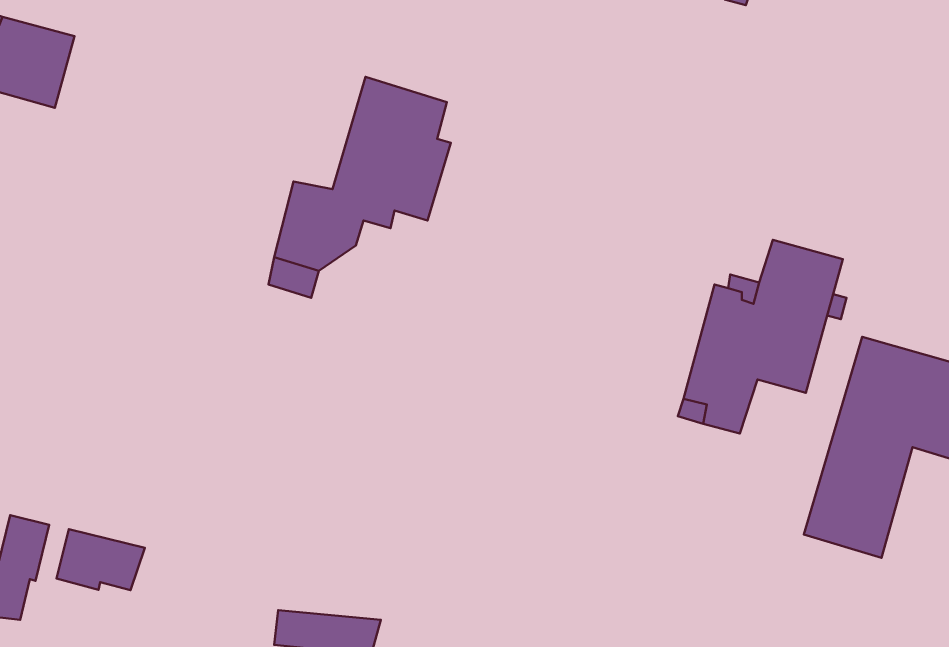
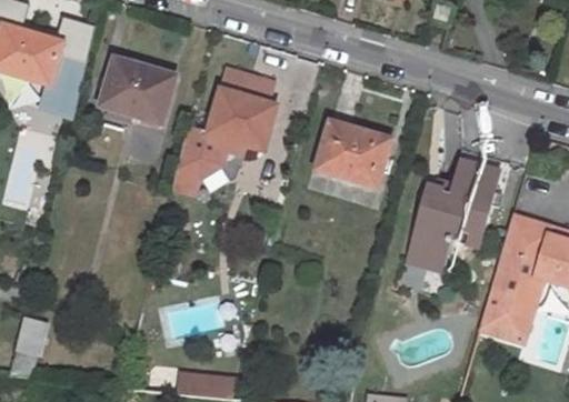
building: none -> [101,60,176,122]
building: none -> [319,122,392,187]
building: [56,529,145,590] -> none

